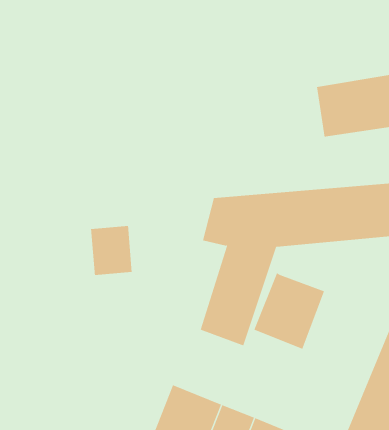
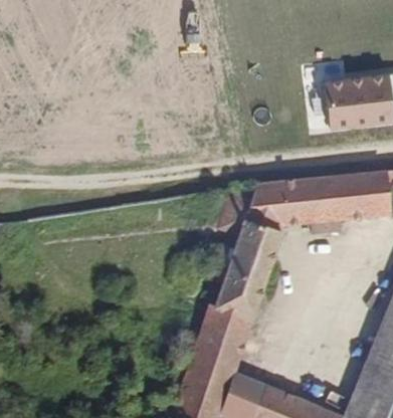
building: [91,225,132,276] -> none
building: [254,273,325,349] -> [191,301,256,372]

